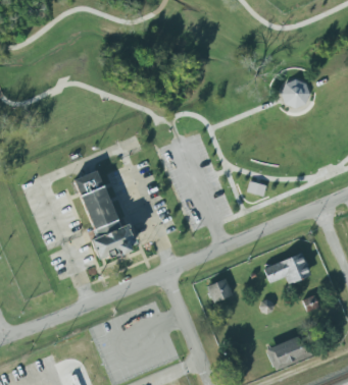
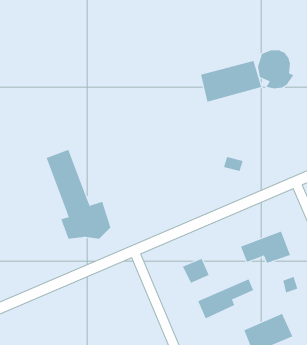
building: none -> [200,60,262,102]
building: none -> [198,278,254,319]

